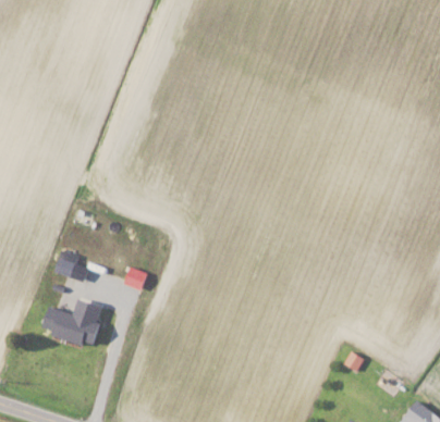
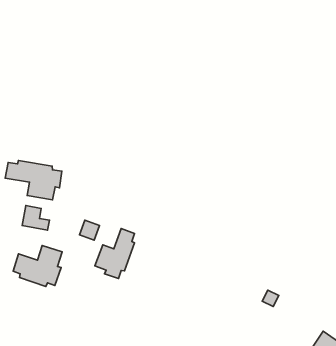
building: none -> [5,161,62,200]
building: none -> [95,229,134,278]

